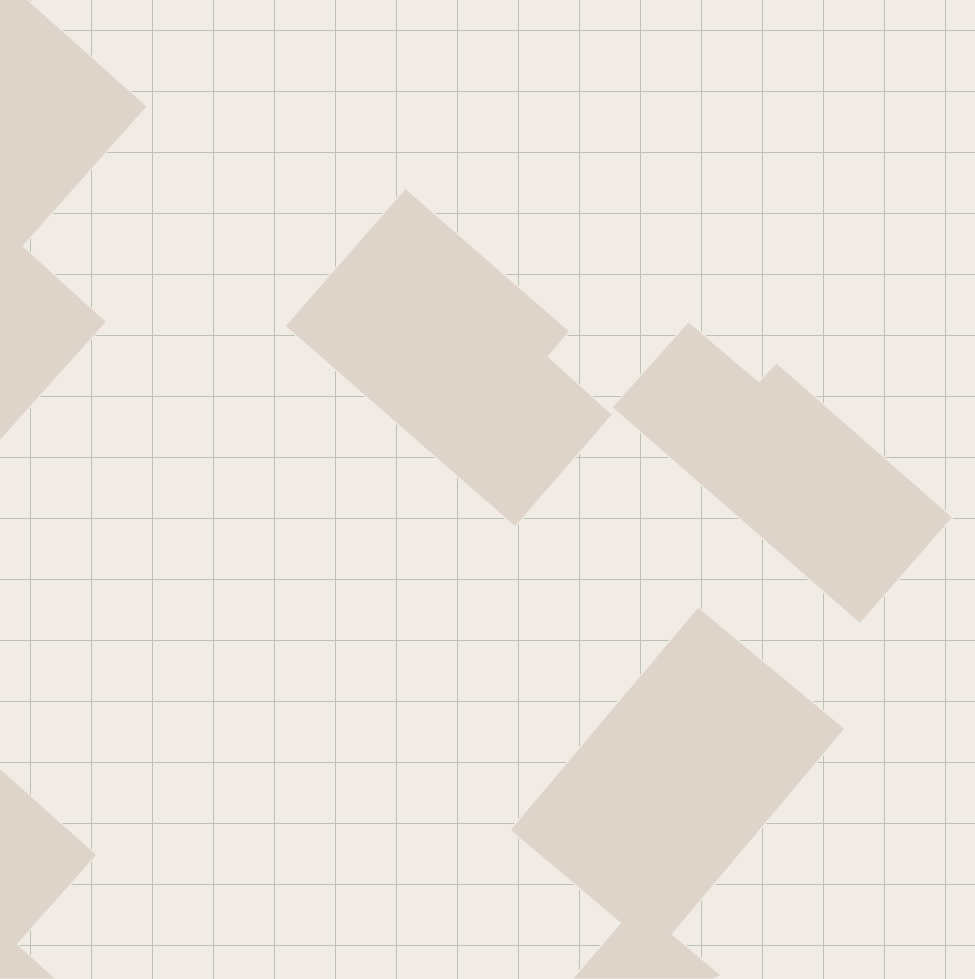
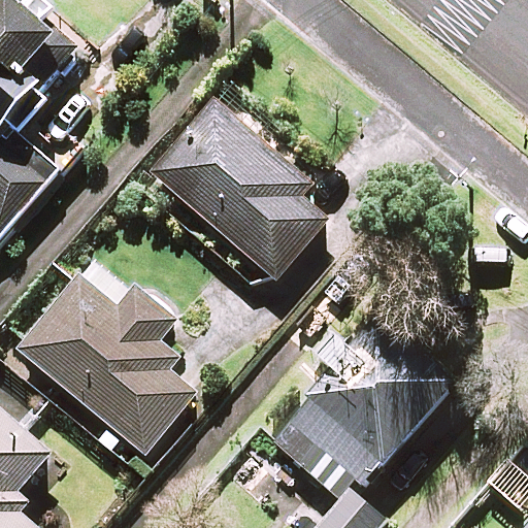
building: [612,321,953,624] -> none
building: none -> [16,276,195,454]

